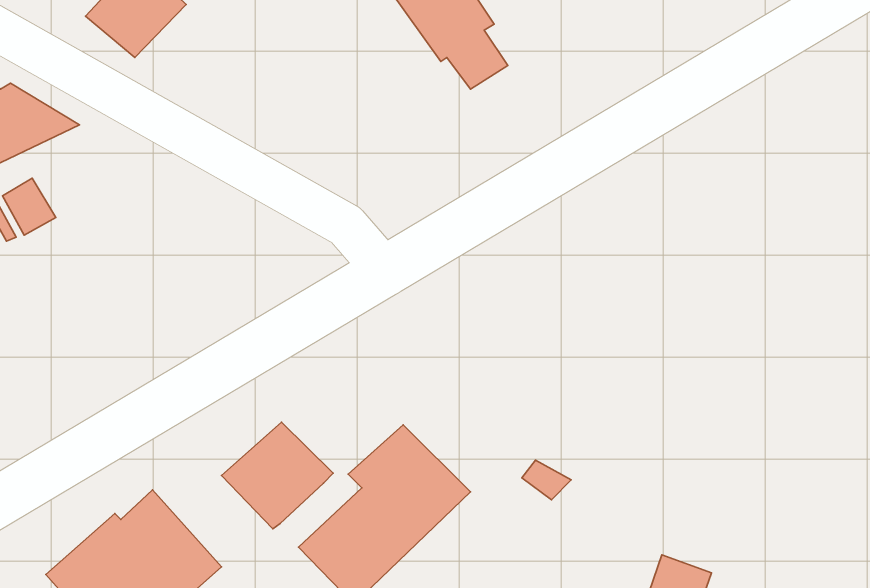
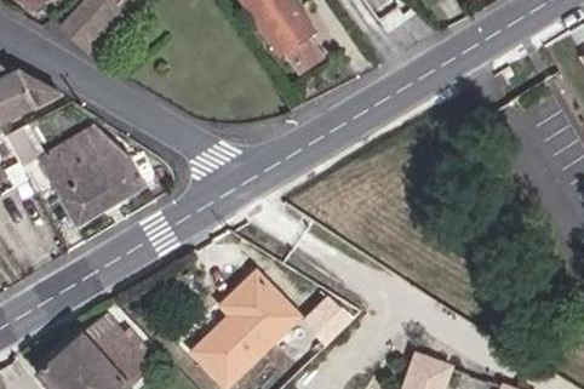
building: none -> [39,127,143,224]
building: [222,422,333,529] -> none

